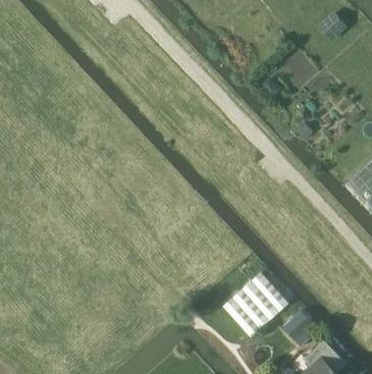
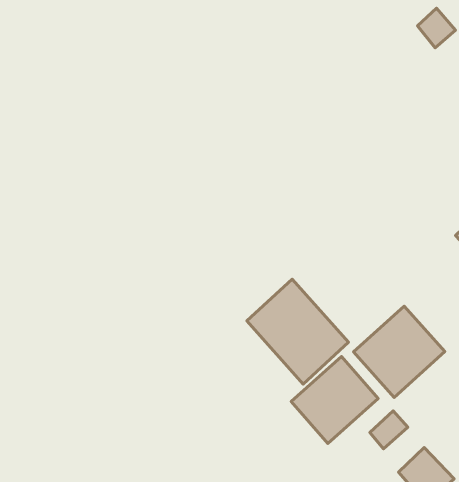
building: none -> [247,279,349,384]
building: none -> [354,306,445,397]

